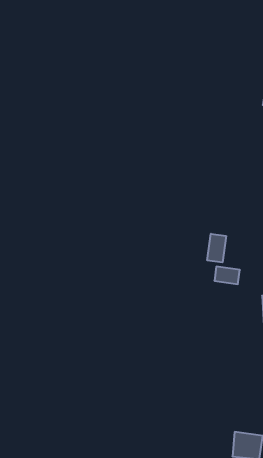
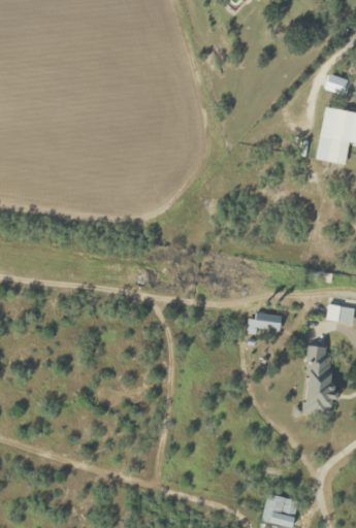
building: [207,234,226,262] -> none

